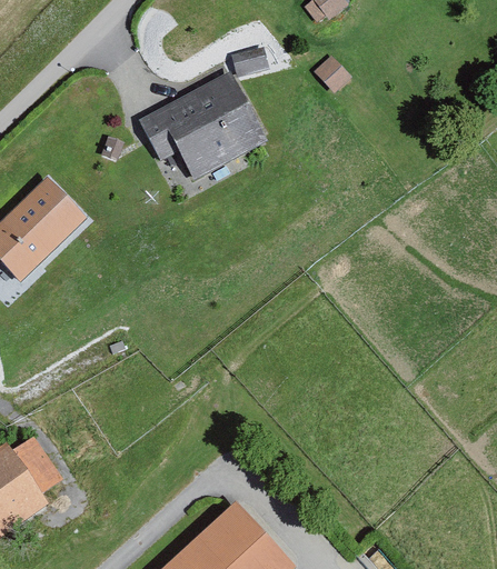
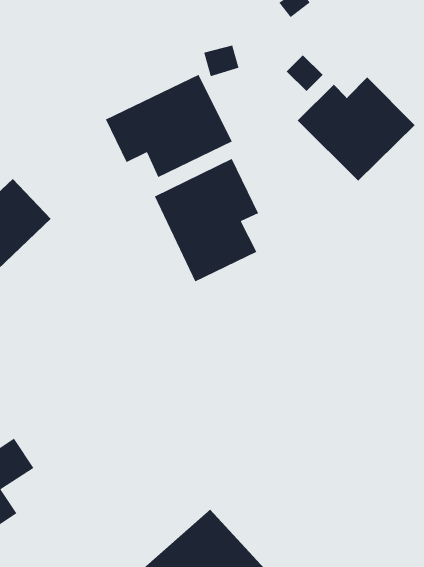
building: none -> [297,76,416,181]
building: none -> [154,158,259,283]

